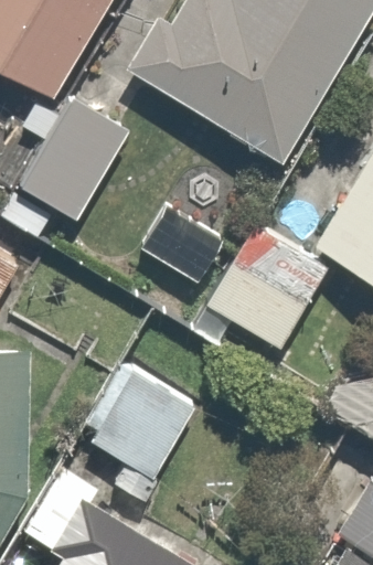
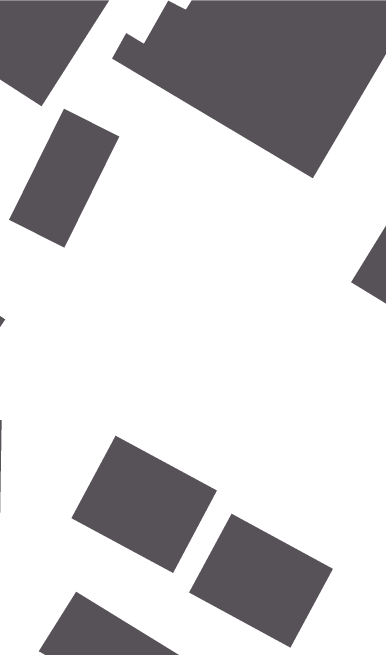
building: [210,233,322,347] -> none
building: none -> [188,512,334,649]

